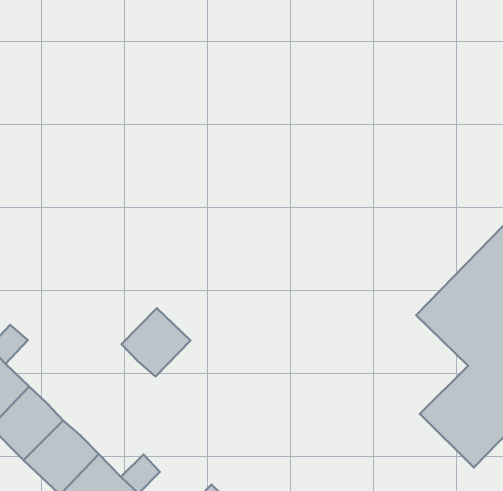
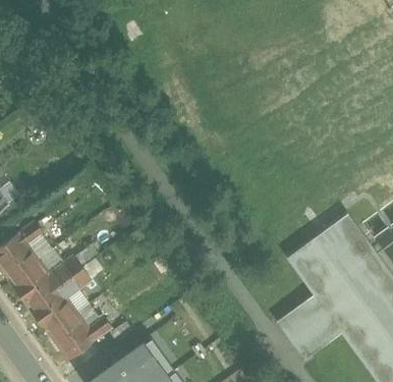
building: [122,308,191,376] -> [50,256,93,297]

